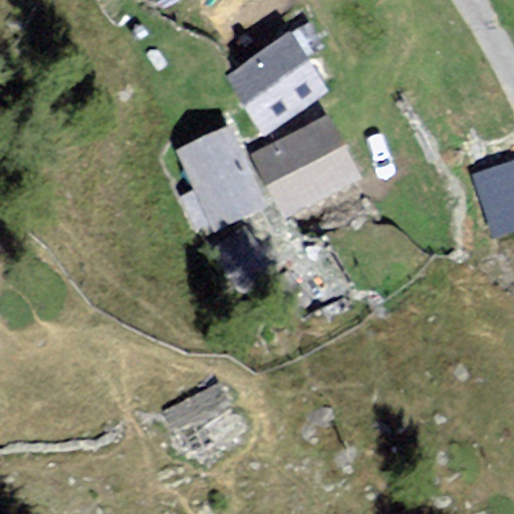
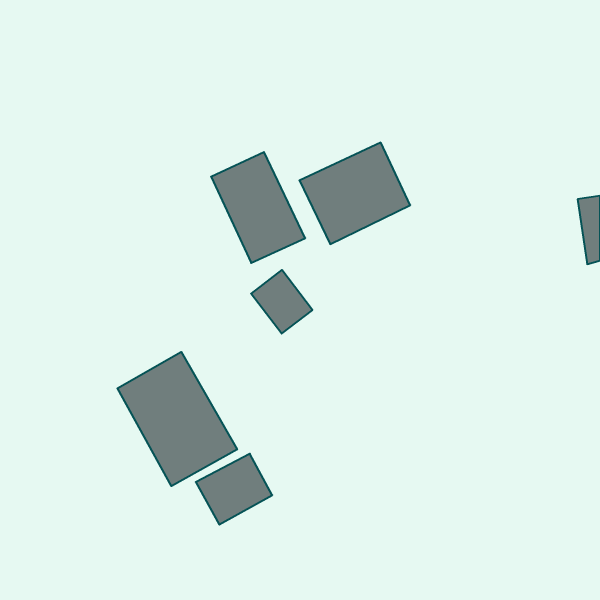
building: [230,38,318,120] -> none
building: none -> [117,352,237,486]

